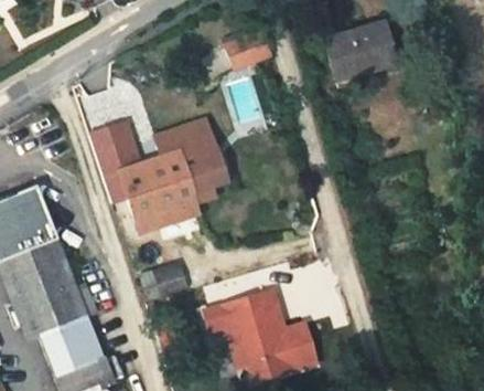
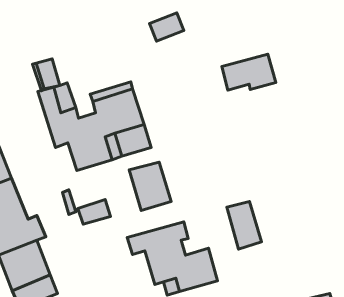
building: [324,29,391,74] -> [222,54,276,90]
building: none -> [129,162,171,211]
building: none -> [227,201,261,249]

